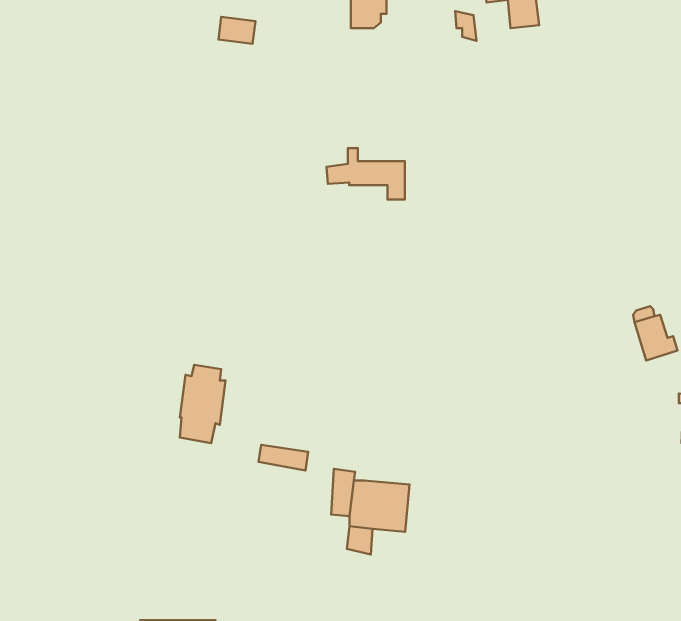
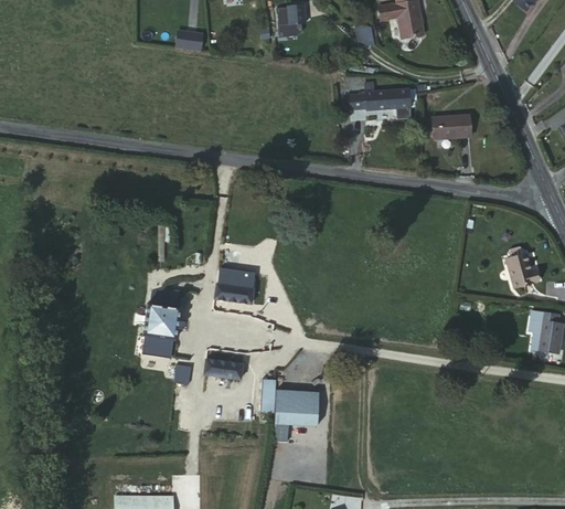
building: none -> [435,113,471,137]
building: [326,148,405,200] -> [350,78,411,118]
building: none -> [216,269,255,304]

